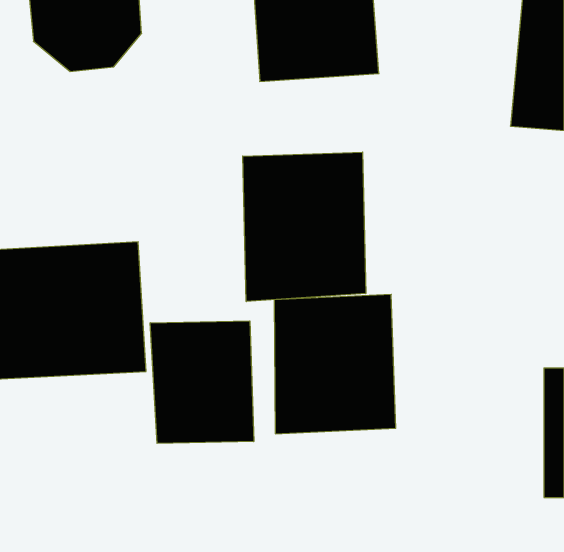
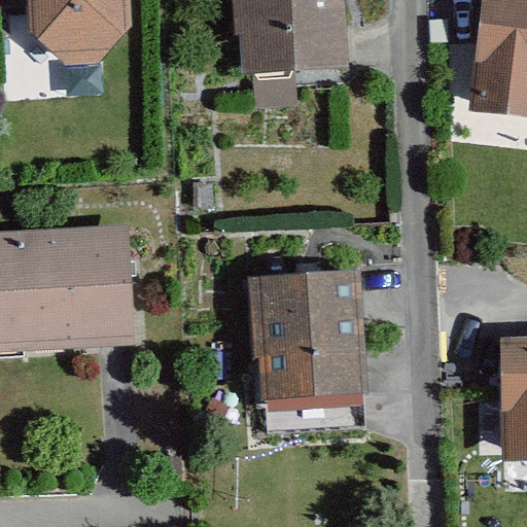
building: [243,152,366,302] -> none
building: [150,321,254,443] -> none

